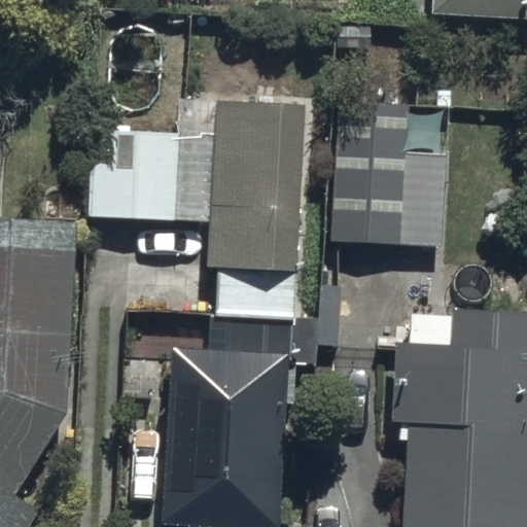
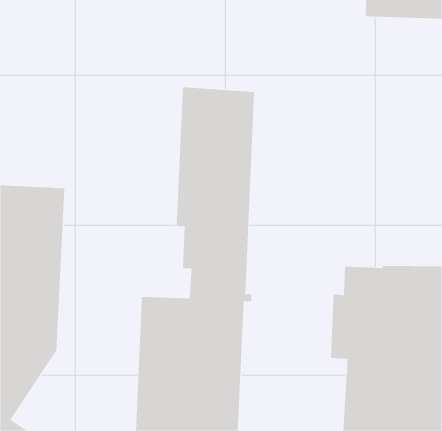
building: [332,103,443,242] -> none
building: [87,122,179,222] -> none

